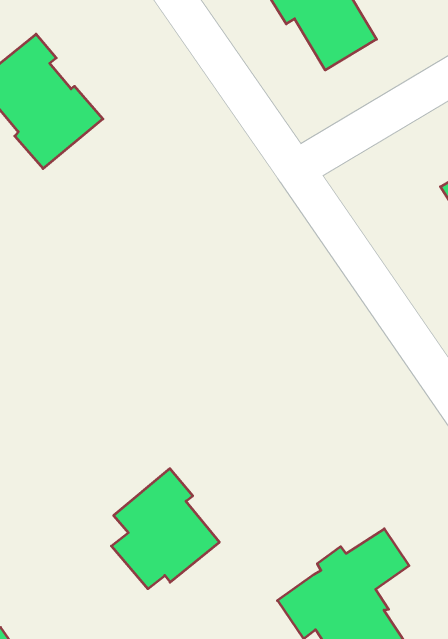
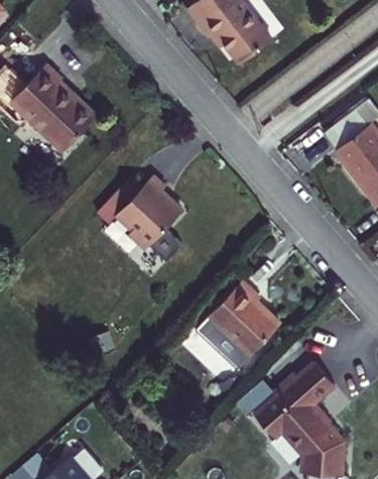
building: none -> [116,173,182,249]
building: [111,469,219,589] -> [211,280,282,361]

